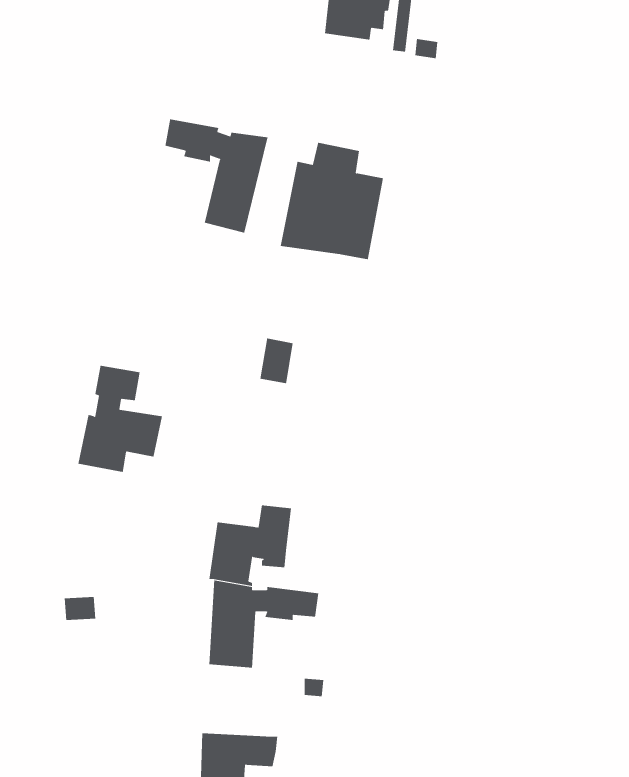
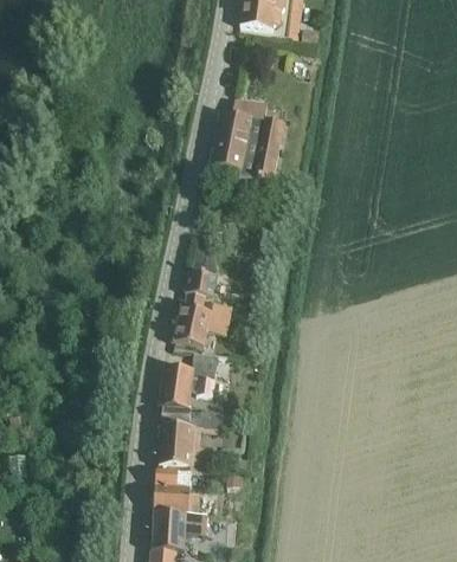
building: [165,118,268,234] -> none
building: [78,365,163,472] -> [172,270,231,344]
building: none -> [153,467,198,512]

